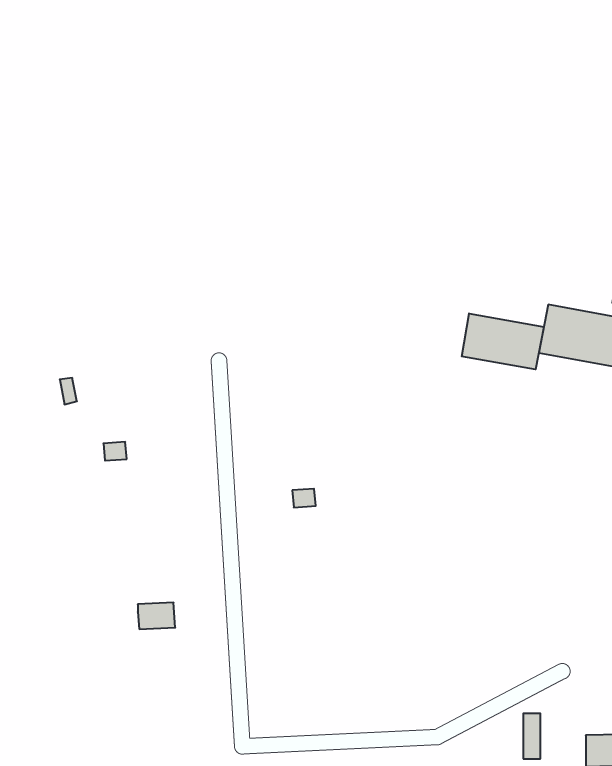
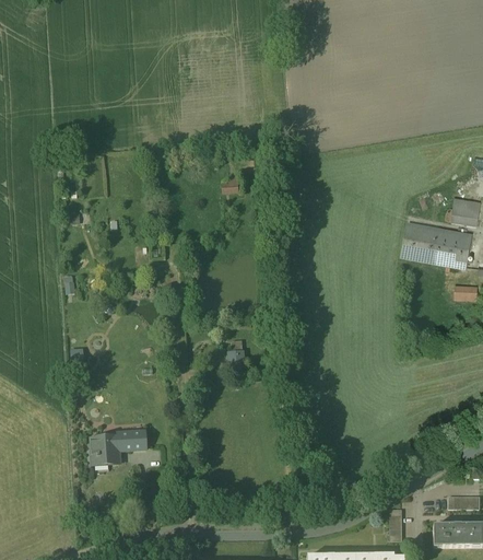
building: [462,313,544,369] -> none
building: none -> [91,436,120,460]

